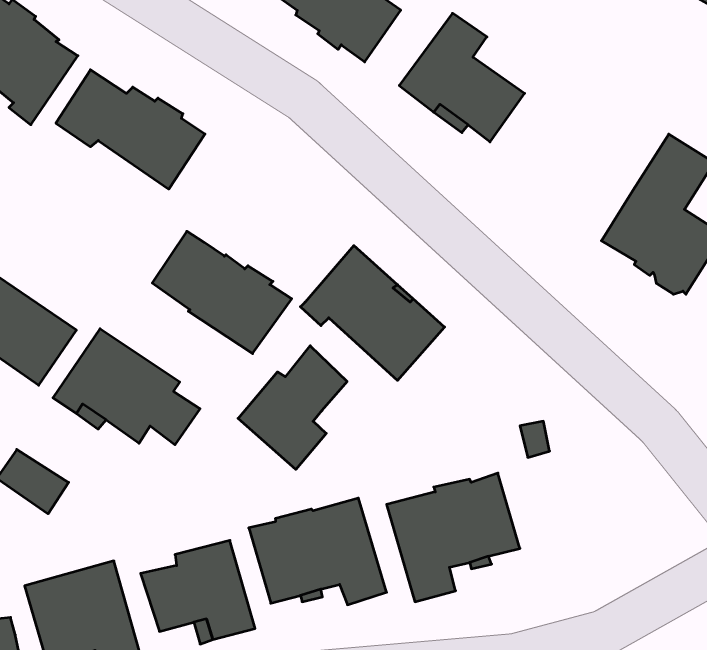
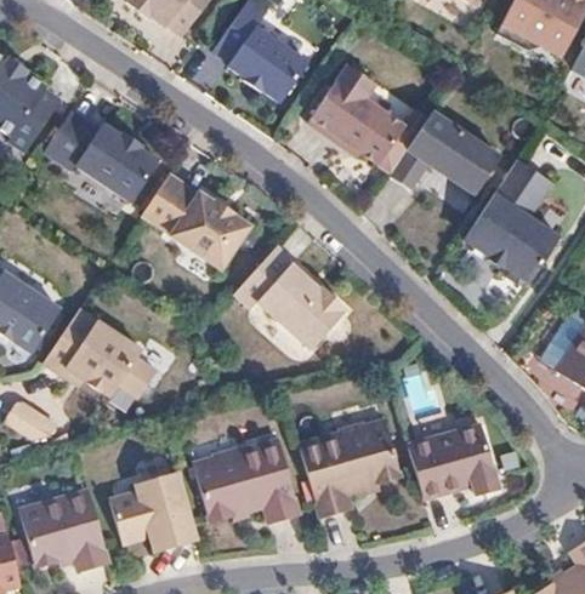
building: none -> [392,109,501,194]
building: [152,231,292,354] -> [142,173,250,268]
building: [238,346,347,469] -> none
building: none -> [408,424,500,497]

